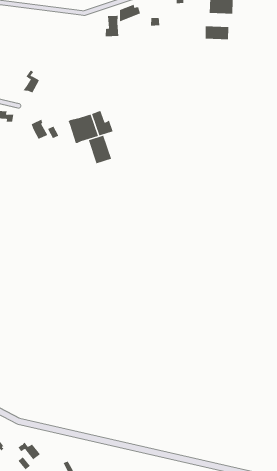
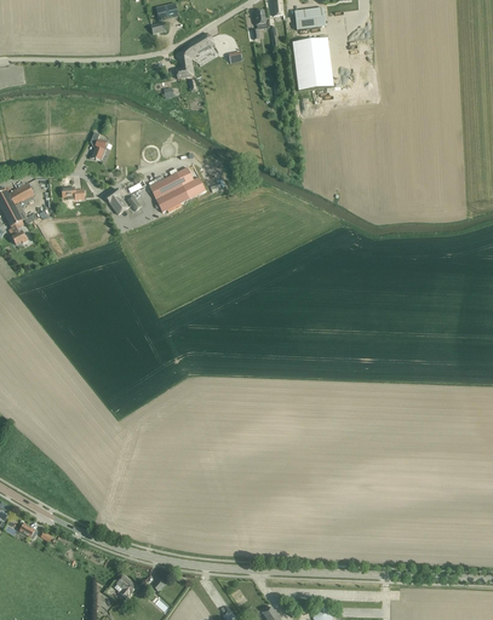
building: none -> [297,57,329,92]
building: [88,135,112,164] -> none

